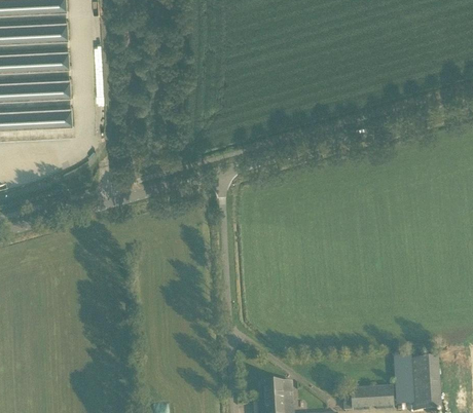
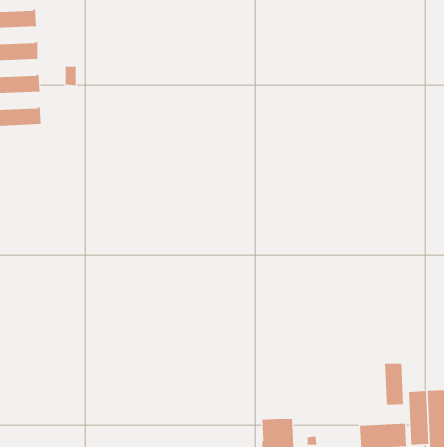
building: none -> [385,363,404,405]

